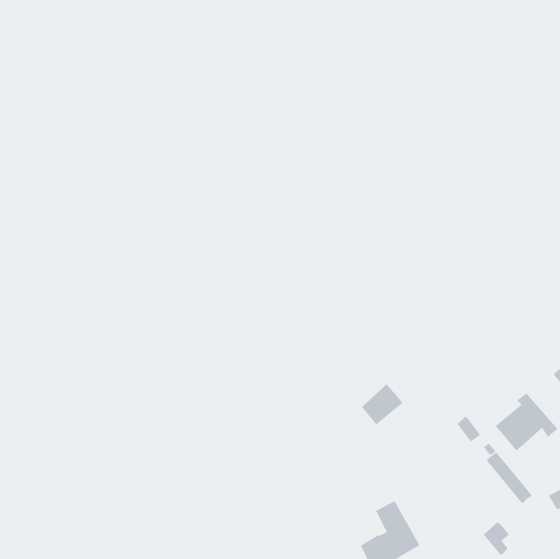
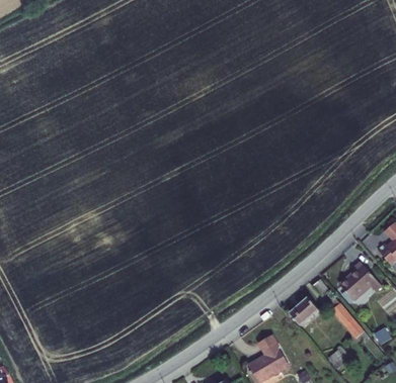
building: [361,383,403,425] -> [290,296,318,324]

